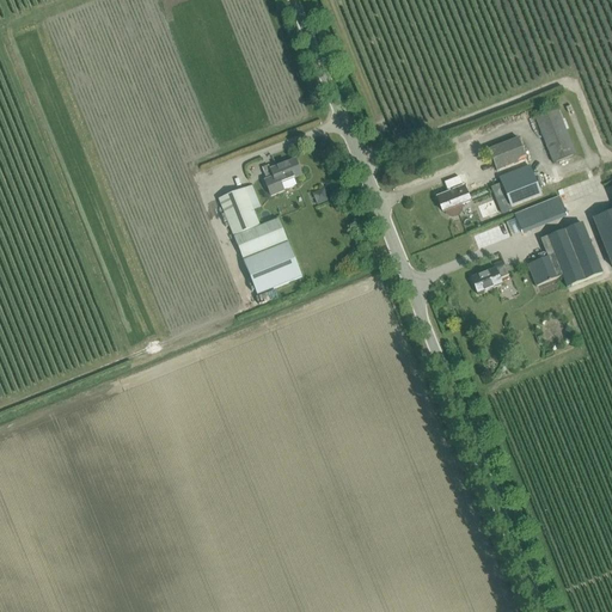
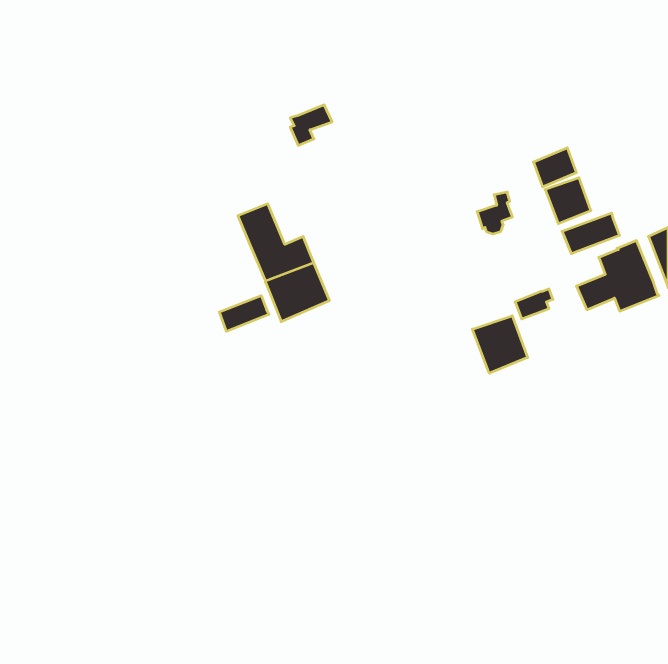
building: [536,108,575,160] -> none
building: [263,158,301,195] -> [290,105,332,145]
building: none -> [219,296,269,331]
building: none -> [472,316,528,373]

